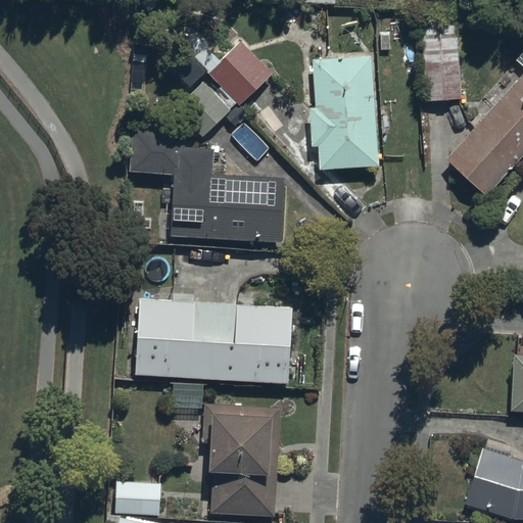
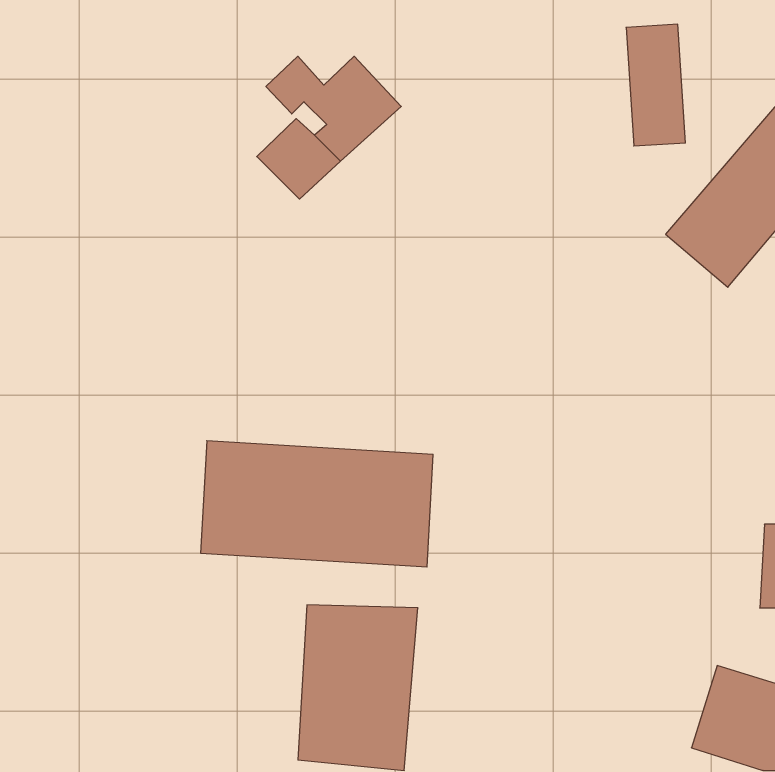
building: [311,55,379,170] -> none
building: [130,129,285,244] -> none
building: [113,479,159,516] -> none

